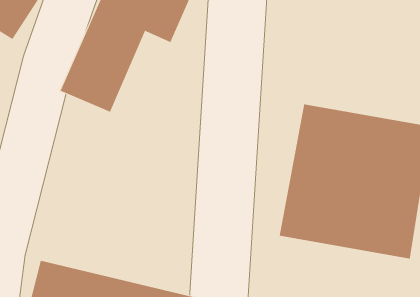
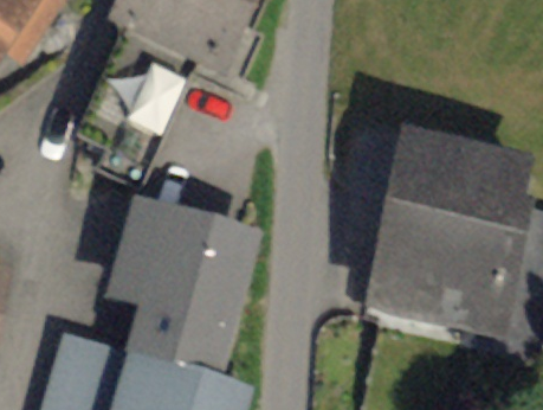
building: none -> [132,213,263,363]

